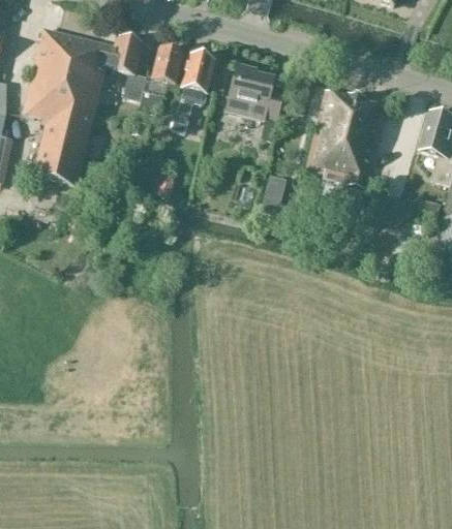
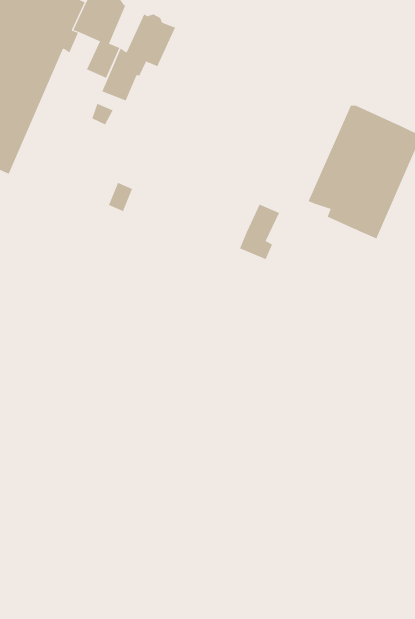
building: [172,52,214,124] -> none
building: [227,64,280,138] -> none

